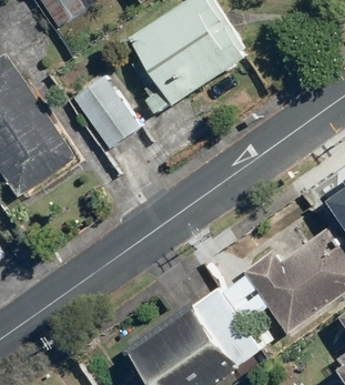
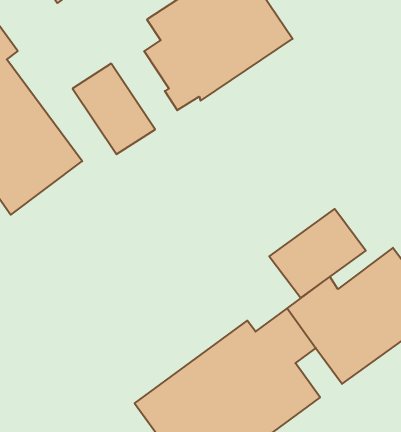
building: none -> [269,209,366,298]

